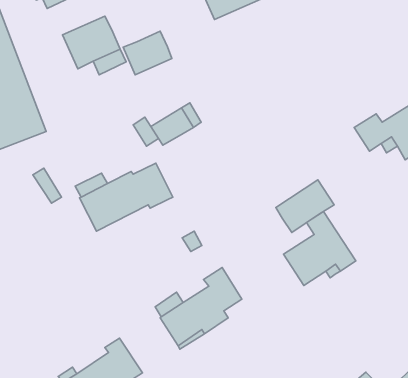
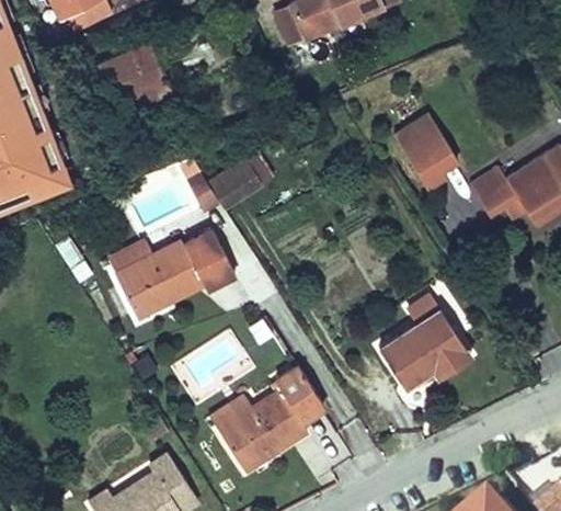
building: [123,31,172,75] -> none
building: none -> [392,114,457,188]
building: [276,180,334,232] -> none

